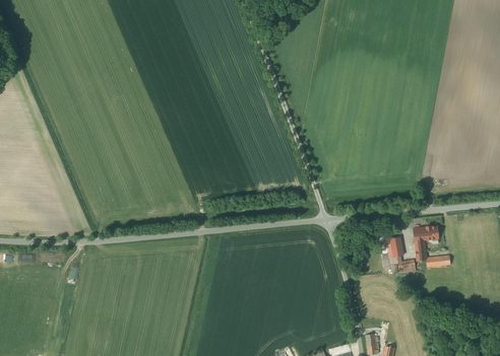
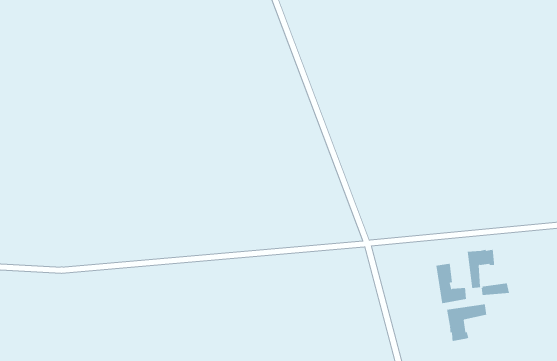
building: none -> [446,304,487,342]

